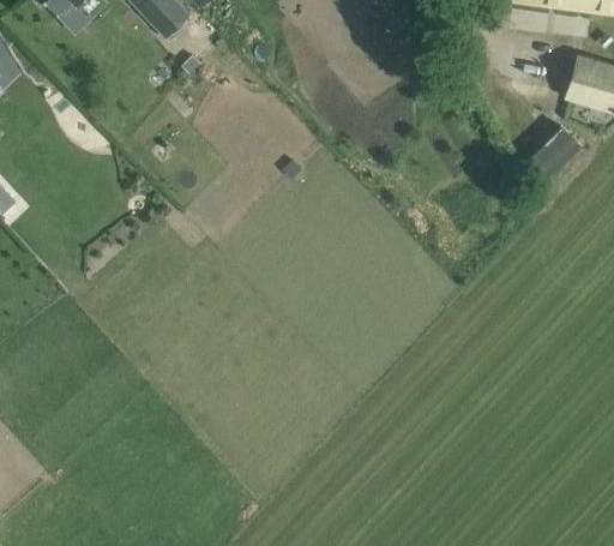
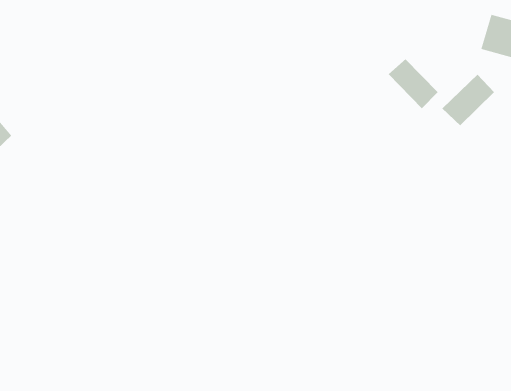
building: none -> [388,59,438,109]

